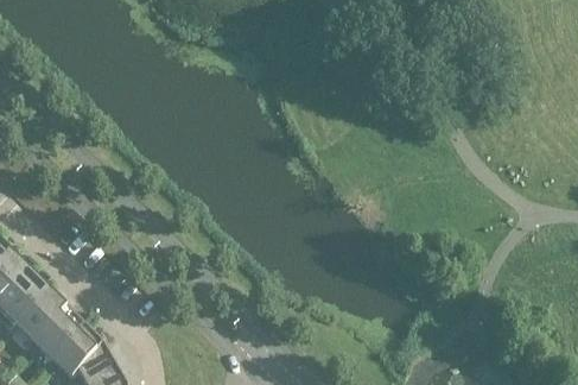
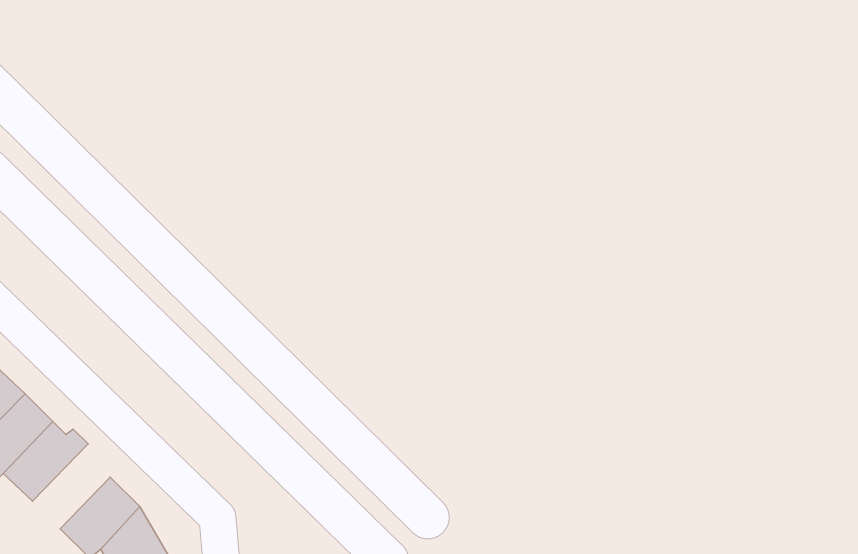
building: [36,307,85,361] -> none

